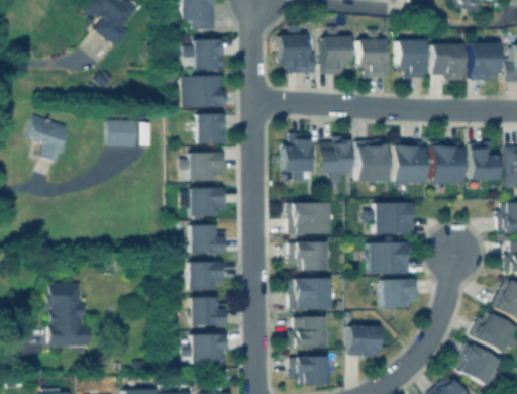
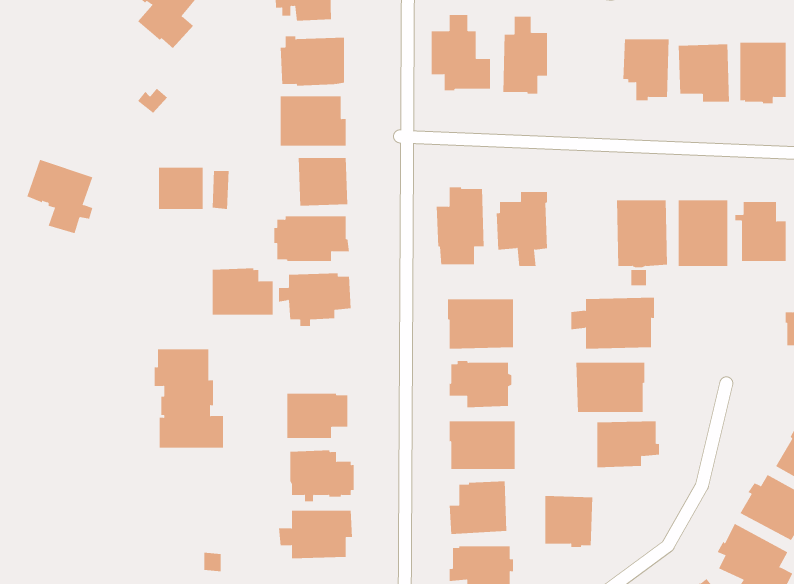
building: [358,30,391,78] -> none
building: [355,140,388,181] -> none
building: [190,224,228,254] -> [212,268,274,315]
building: [47,284,91,346] -> [154,349,224,448]

